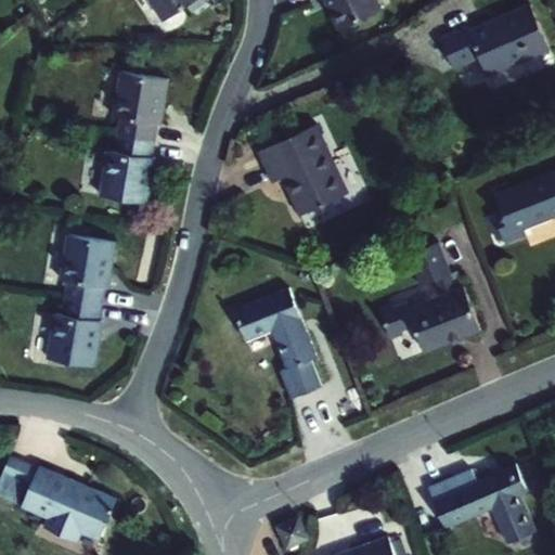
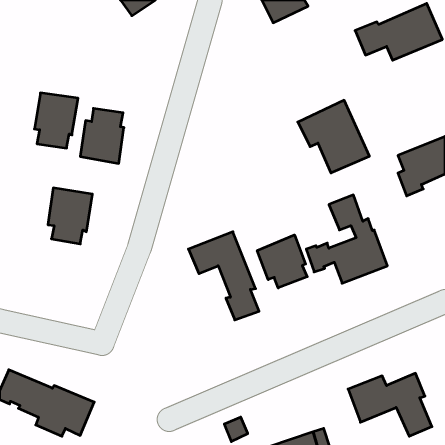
building: [113,74,167,142] -> [34,93,78,148]
building: [259,127,348,217] -> [298,100,369,173]
building: none -> [257,235,307,288]
building: [48,298,102,366] -> none

